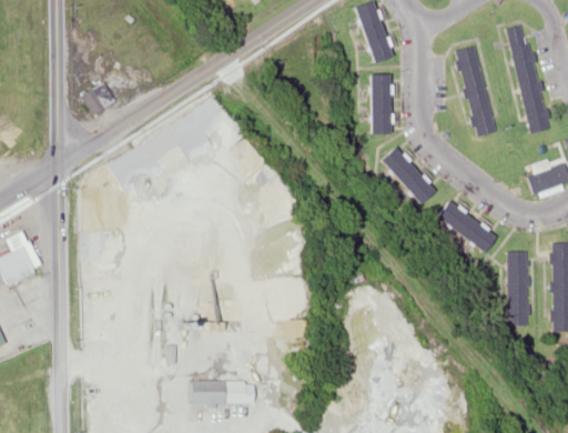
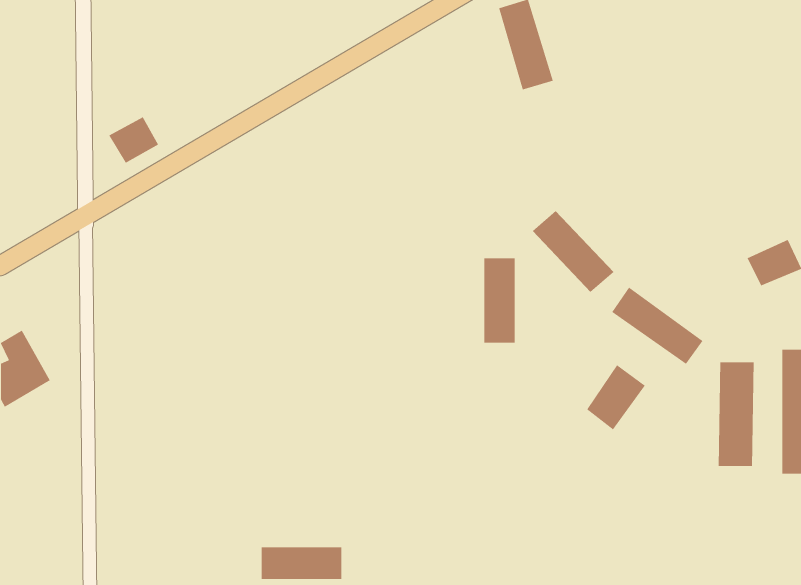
building: [509,23,550,133] -> none
building: [456,46,498,137] -> none
building: [368,74,390,134] -> [484,257,516,343]
building: none -> [586,364,646,431]

